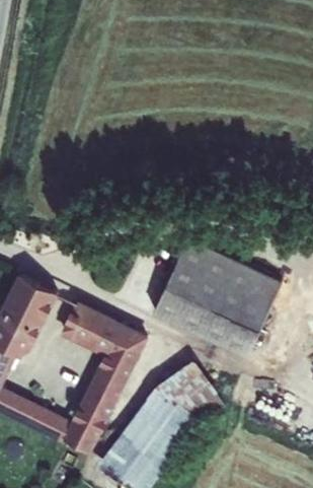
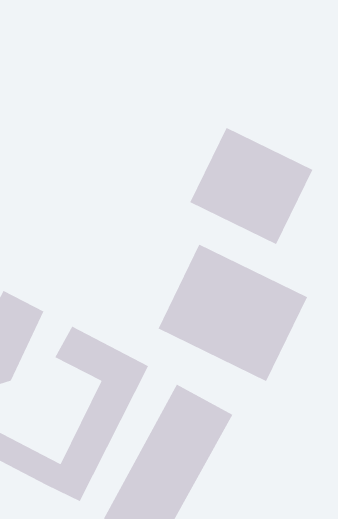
building: none -> [189,127,314,245]

